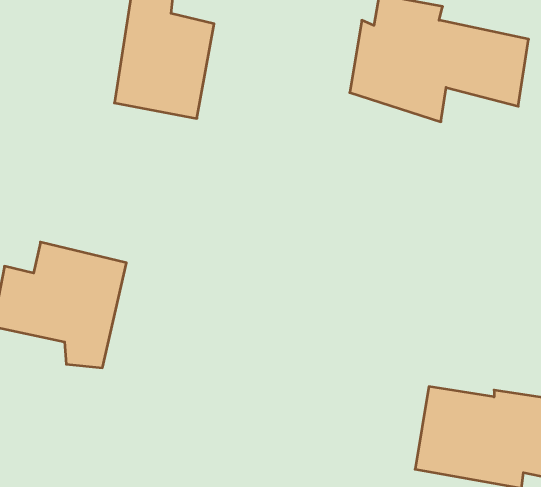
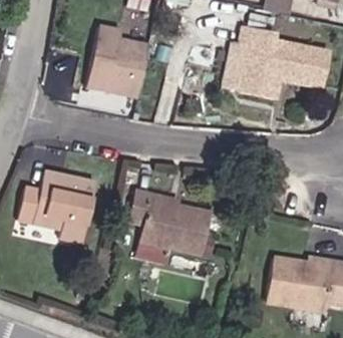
building: none -> [128,187,211,256]

